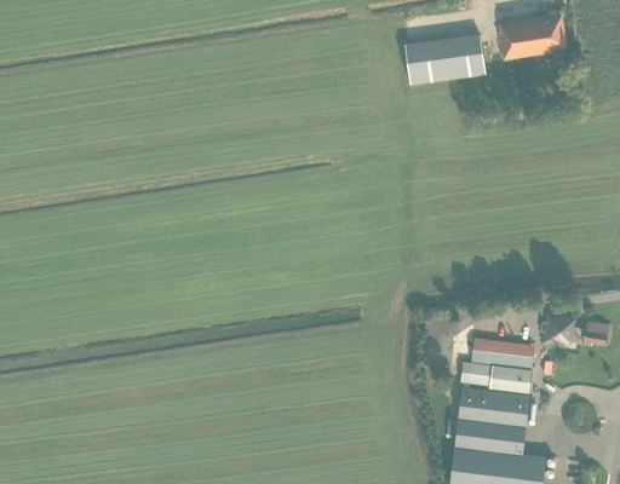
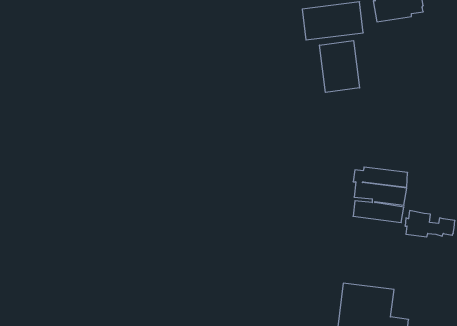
building: none -> [320,41,360,92]
building: [460,341,533,415] -> [353,167,408,223]

